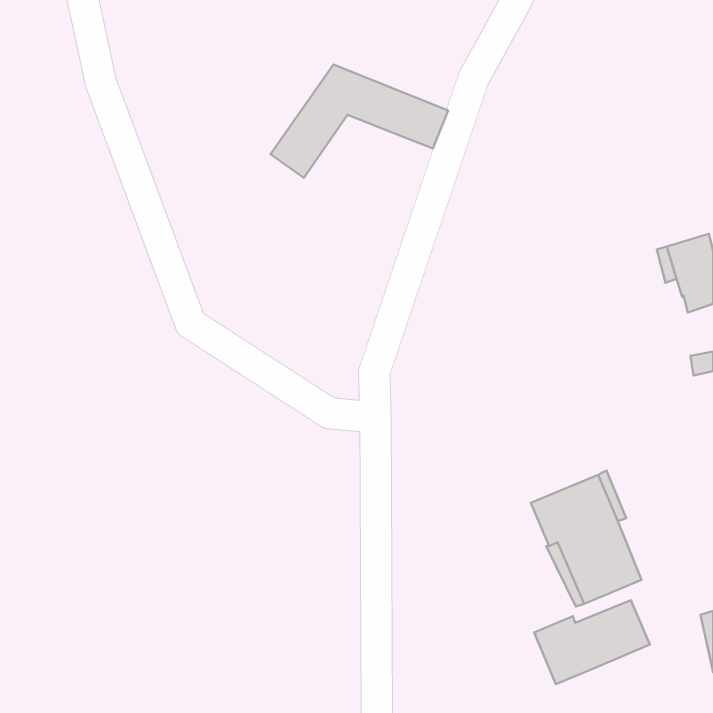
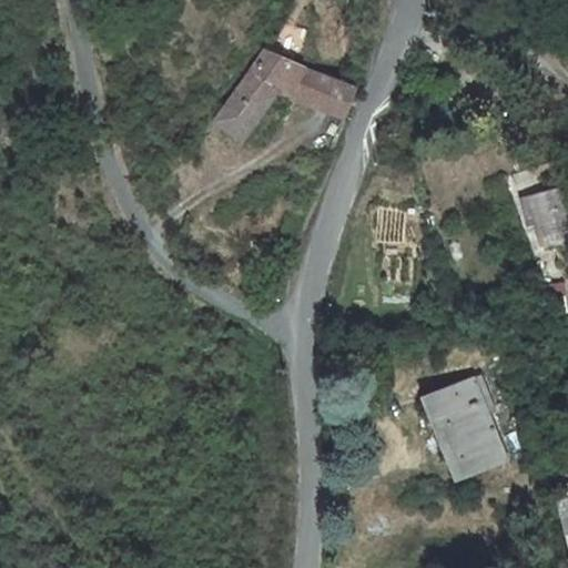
building: [534,600,650,684] -> none

